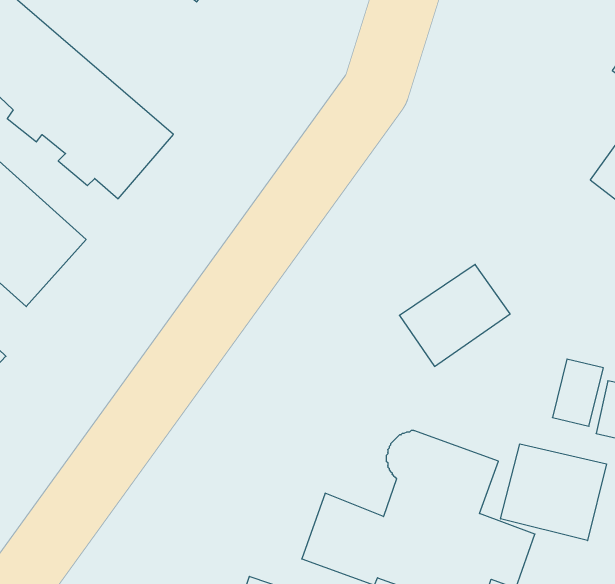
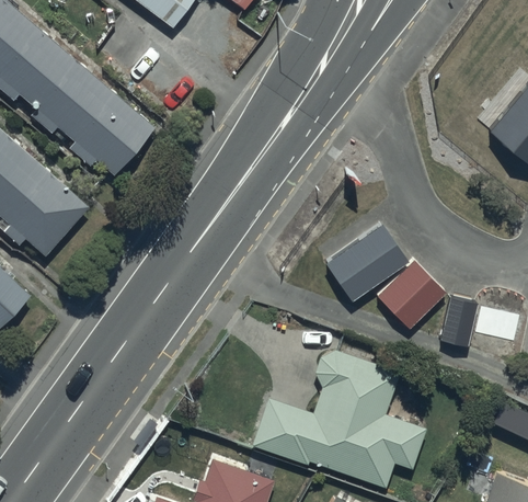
building: none -> [377,259,446,328]
building: [501,444,606,541] -> none

